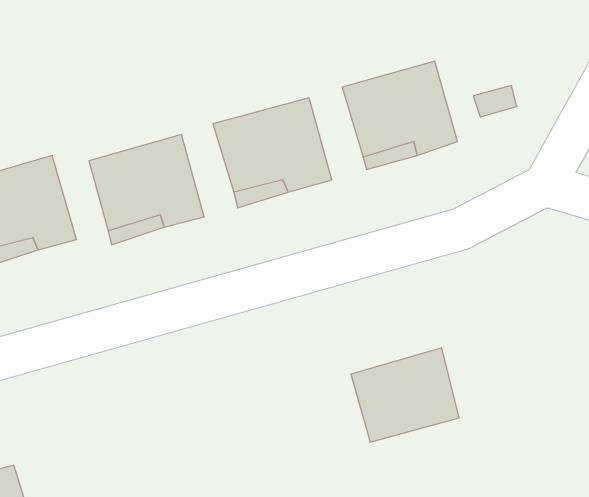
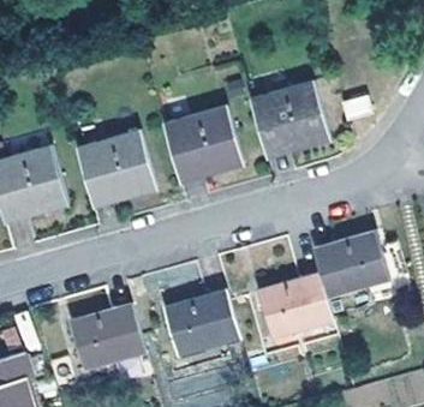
building: none -> [313,234,388,299]
building: none -> [165,292,240,355]
building: none -> [71,305,145,370]

